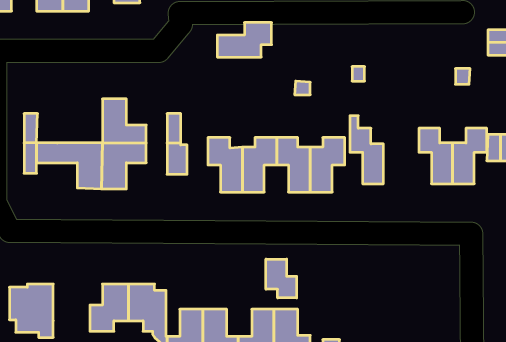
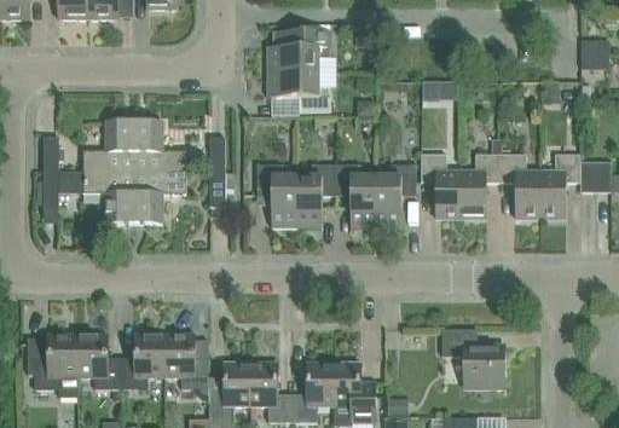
building: none -> [267,71,330,111]
building: none -> [82,120,134,170]
building: none -> [459,138,502,218]
building: [266,259,297,298] -> none
building: none -> [442,329,503,388]
building: none -> [77,334,120,389]

